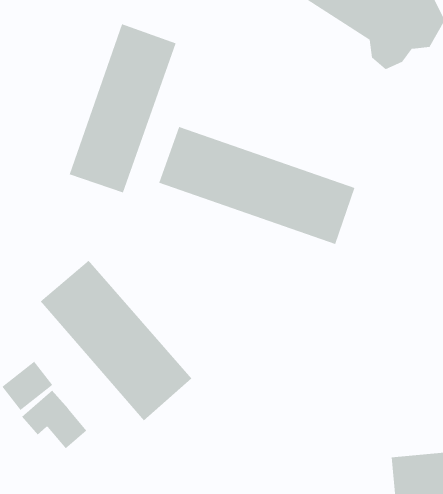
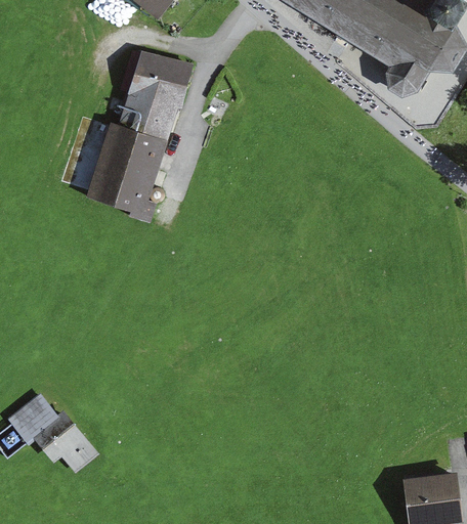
building: [158,126,355,245] -> none
building: [40,260,192,421] -> none

